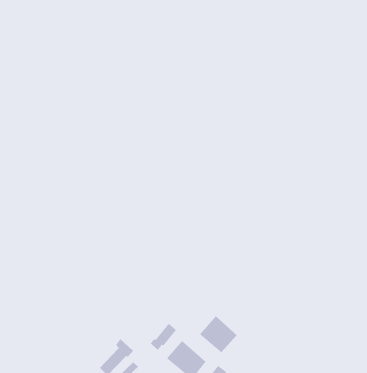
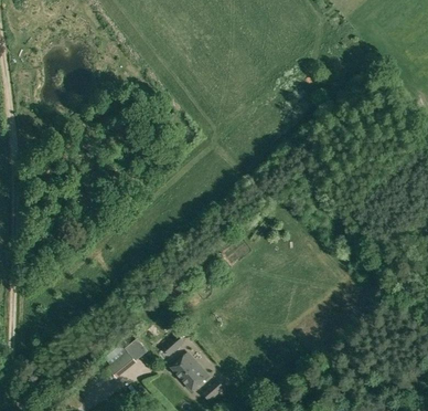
building: [199,315,237,353] -> none

